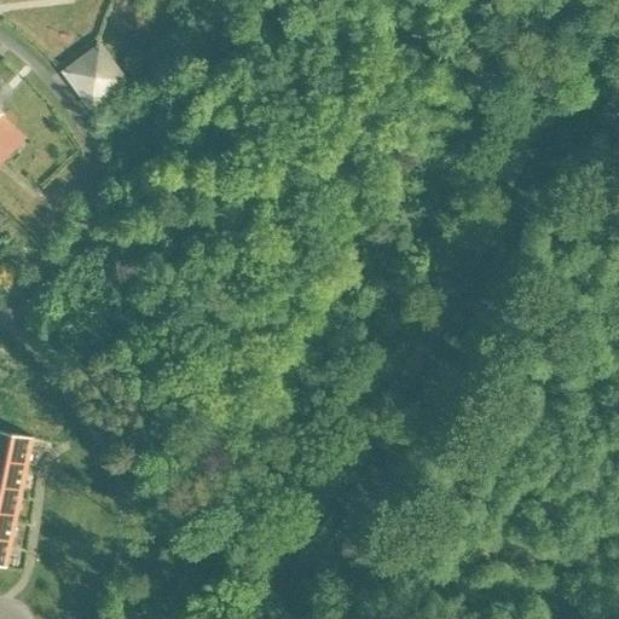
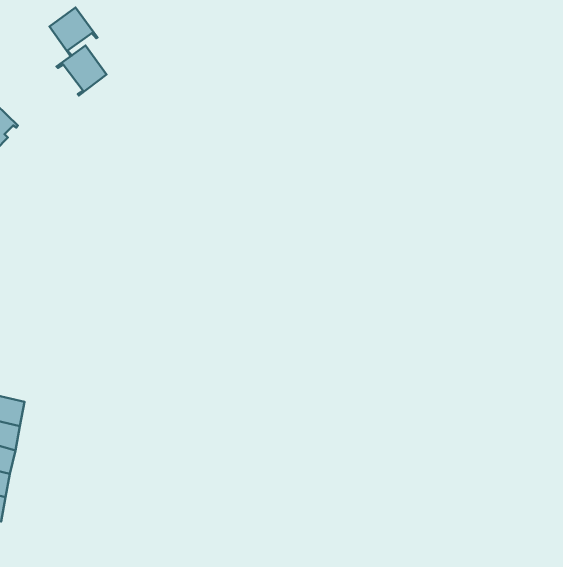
building: none -> [50,7,97,56]

